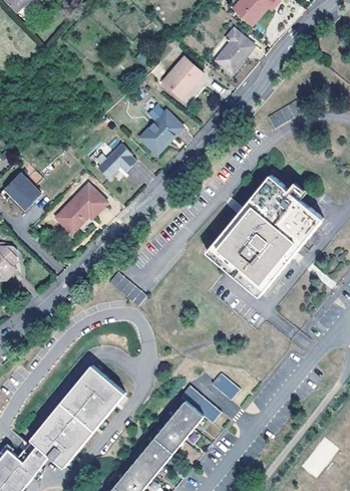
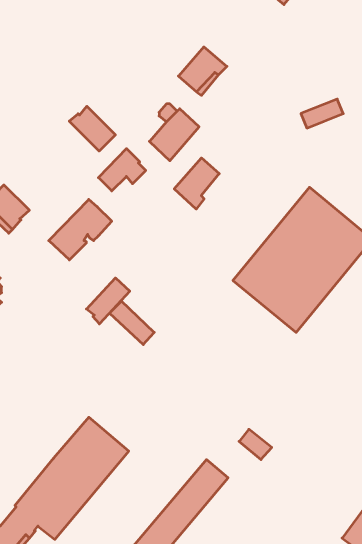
building: [218,29,256,73] -> none
building: none -> [69,106,115,151]
building: none -> [174,158,219,209]
building: none -> [86,278,130,324]
building: [184,387,224,424] -> none

